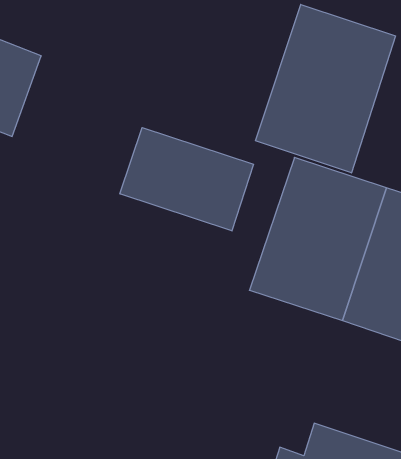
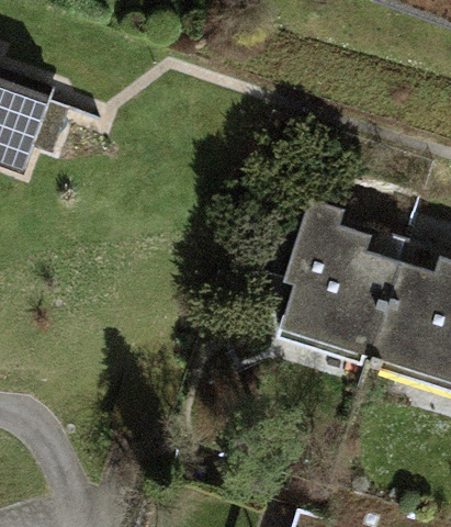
building: [256,4,396,173] -> none
building: [120,128,253,231] -> none

